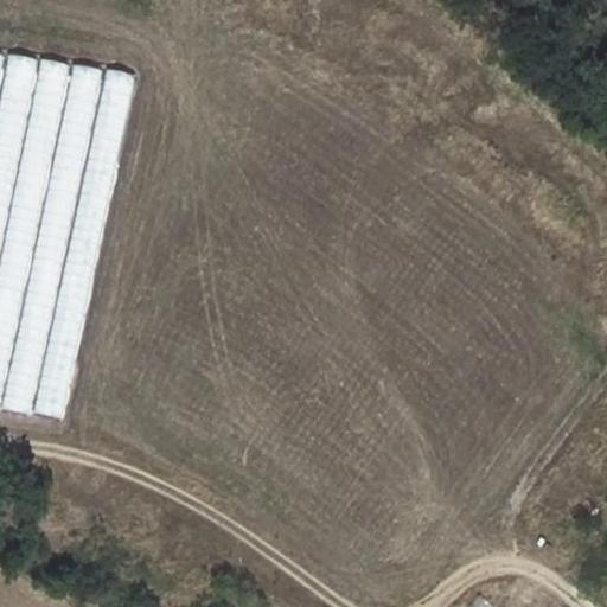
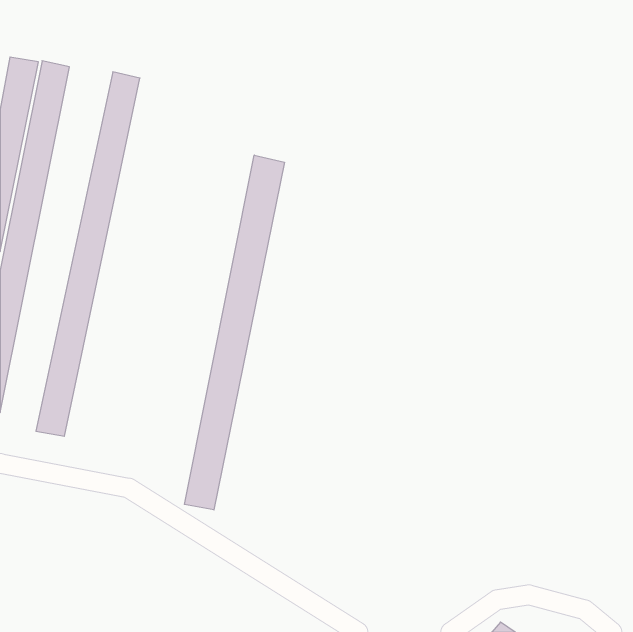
building: [6,65,101,414] -> none
building: none -> [184,155,284,510]

